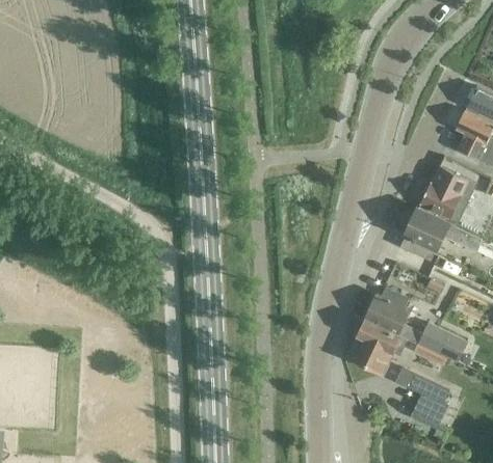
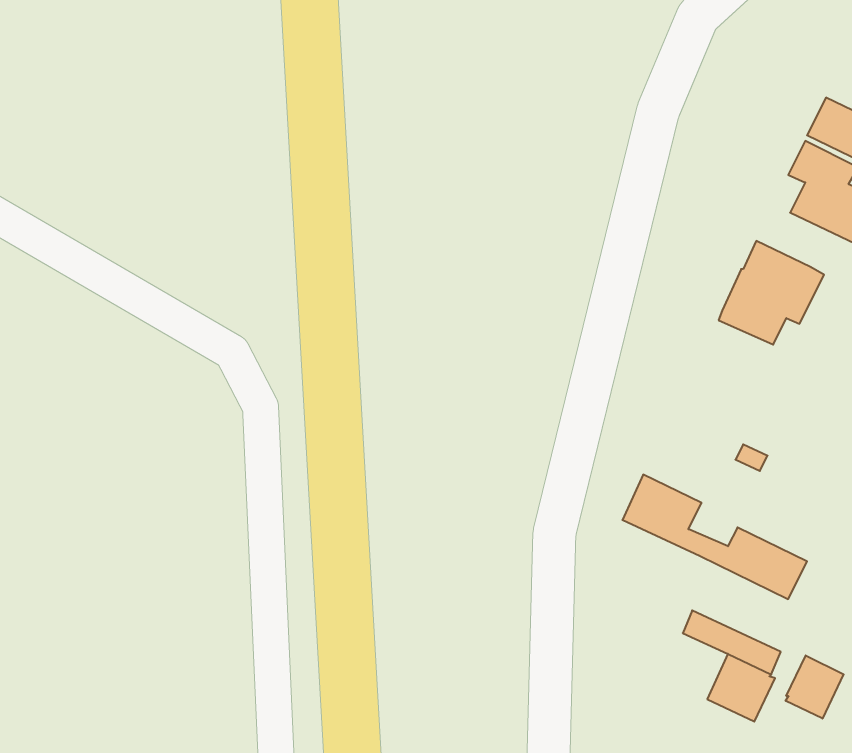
building: [400,208,482,261] -> none
building: [349,319,408,374] -> none
building: none -> [786,655,844,719]

